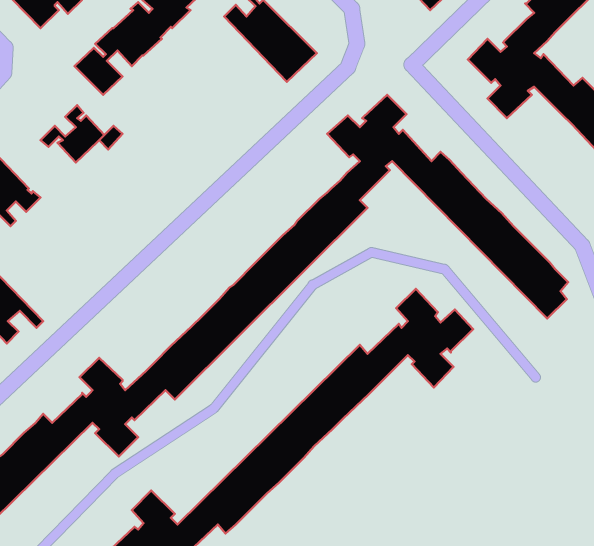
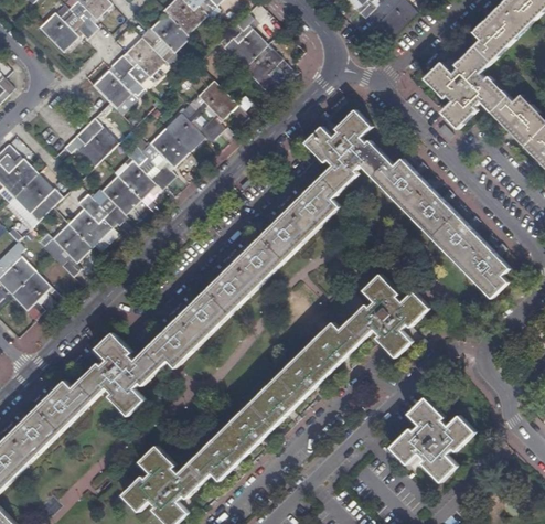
building: none -> [46,81,236,277]
building: none -> [389,396,474,482]

